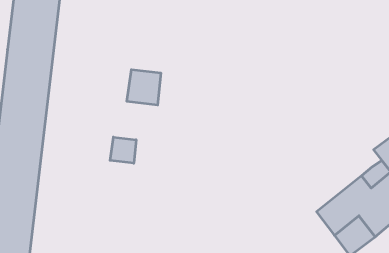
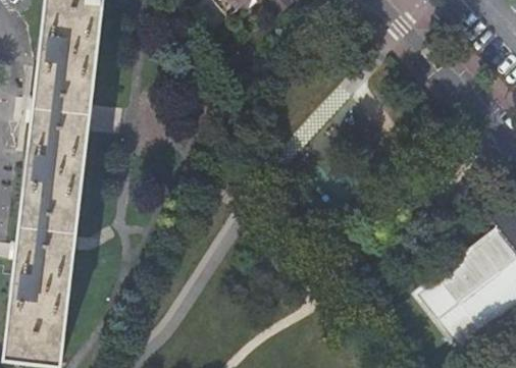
building: [127,70,161,105] -> none
building: [110,137,136,163] -> none

